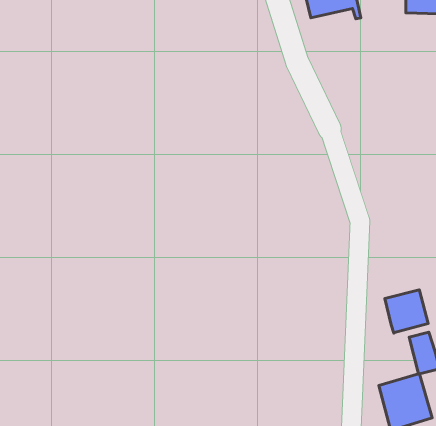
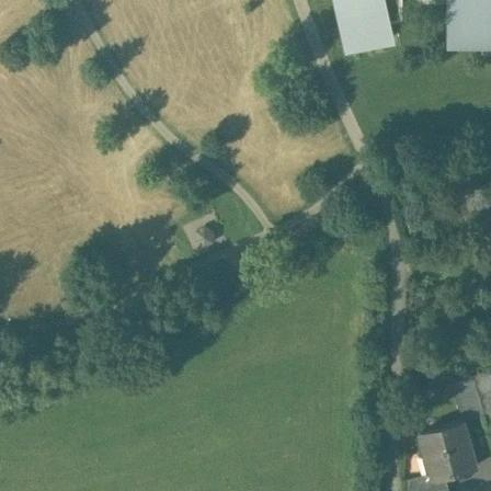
building: [385,290,428,333] -> none

